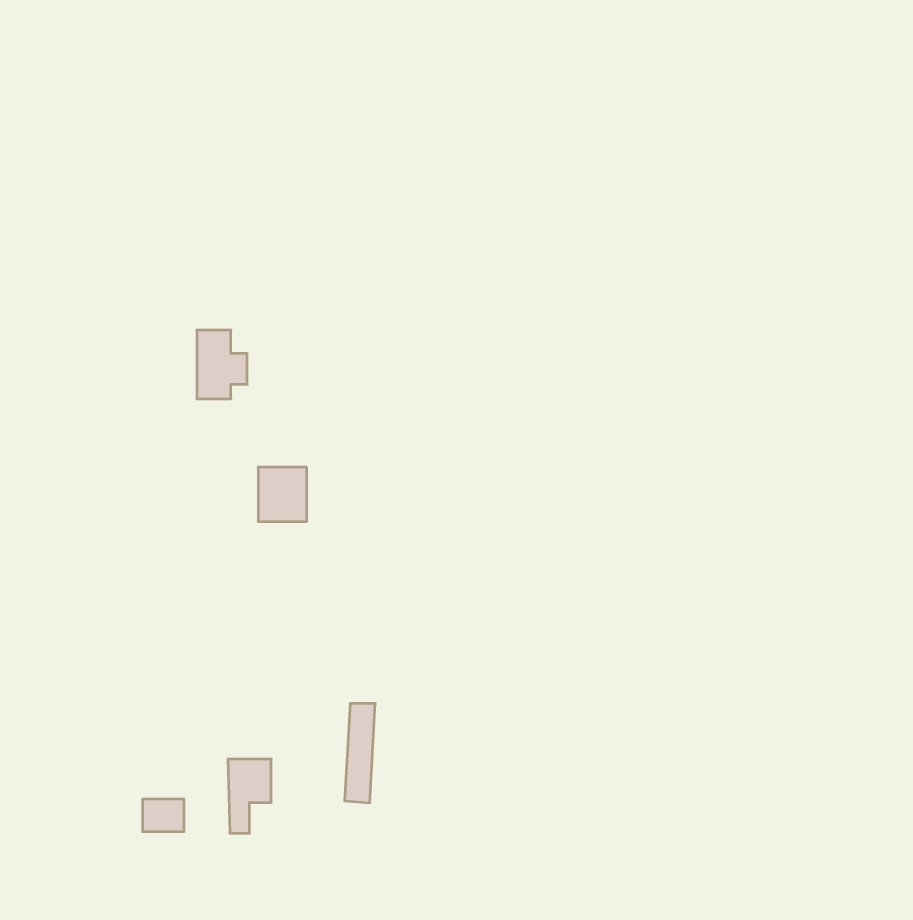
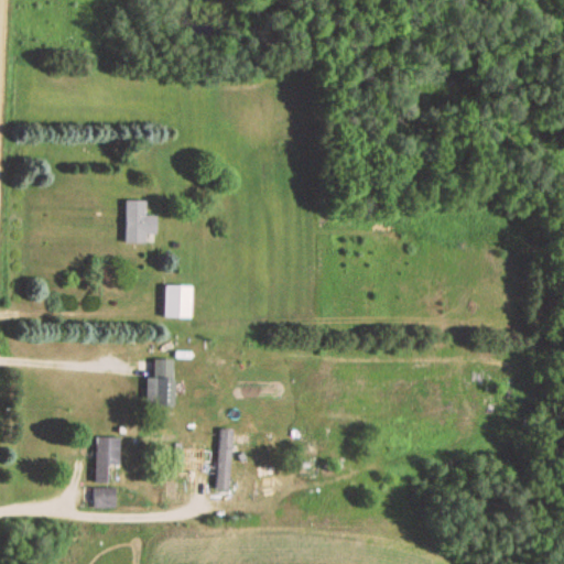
building: none -> [145,359,174,406]
building: [228,759,271,833] -> [95,437,121,482]

